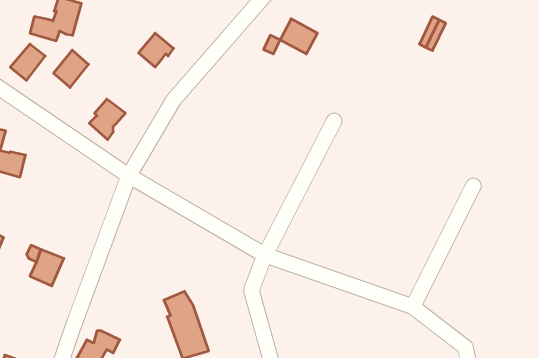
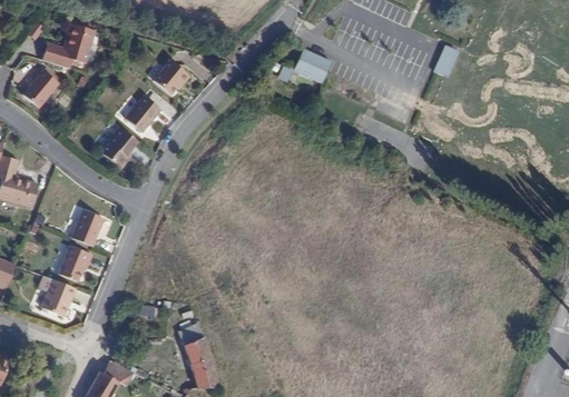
building: [54,50,89,88] -> [125,96,160,133]
building: none -> [71,210,104,247]
building: none -> [57,248,92,284]

